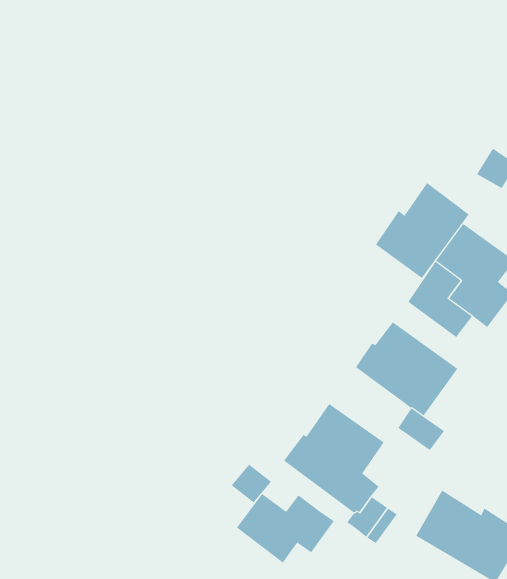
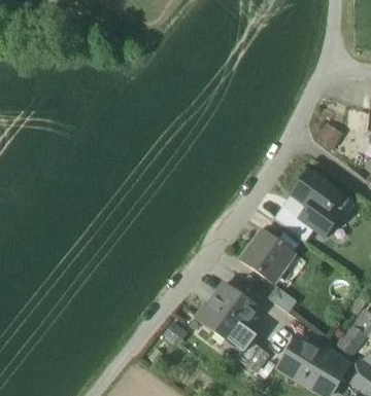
building: [375,182,470,279] -> none
building: [236,493,334,563] -> none

